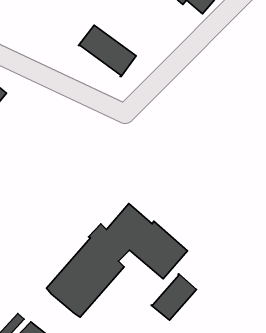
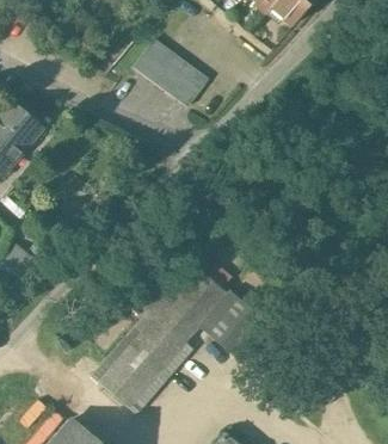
building: [151,274,196,320] -> none

